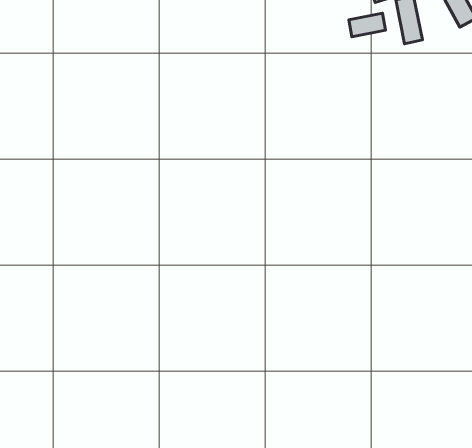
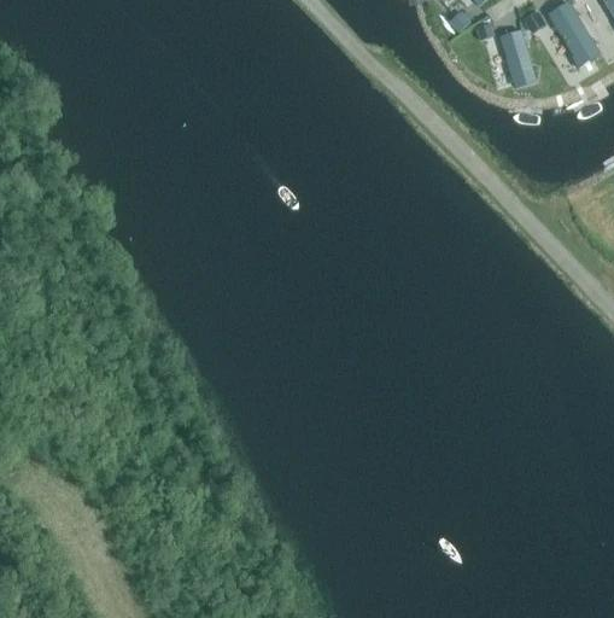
building: [349,13,385,37] -> none

